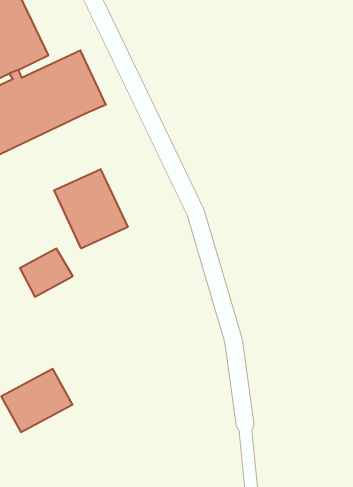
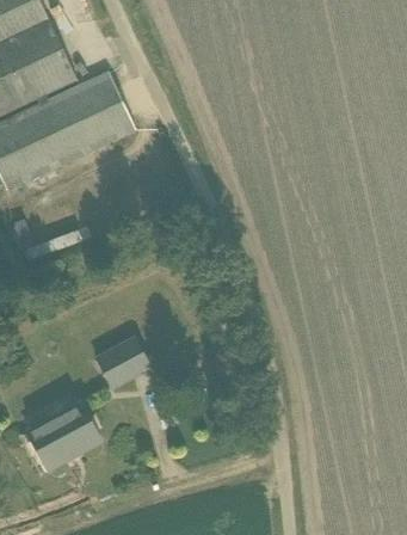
building: [54,169,128,248] -> none
building: [20,249,73,297] -> [95,336,150,386]

